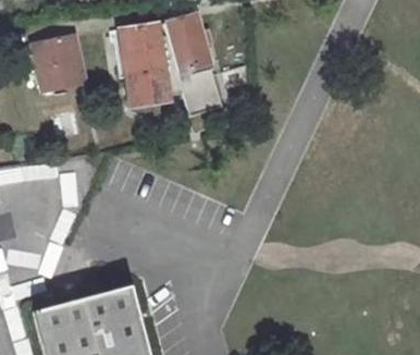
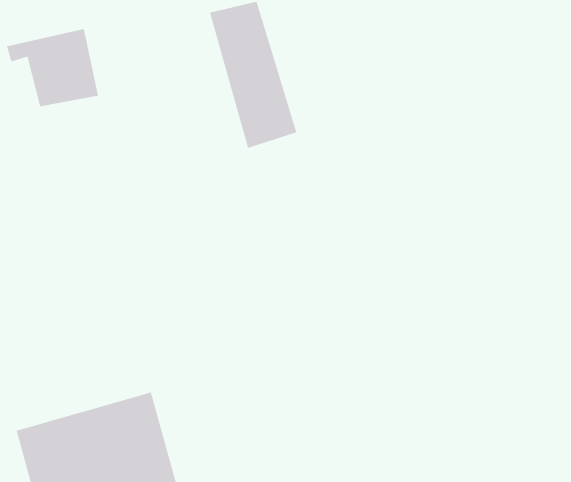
building: [119,24,170,100] -> none

